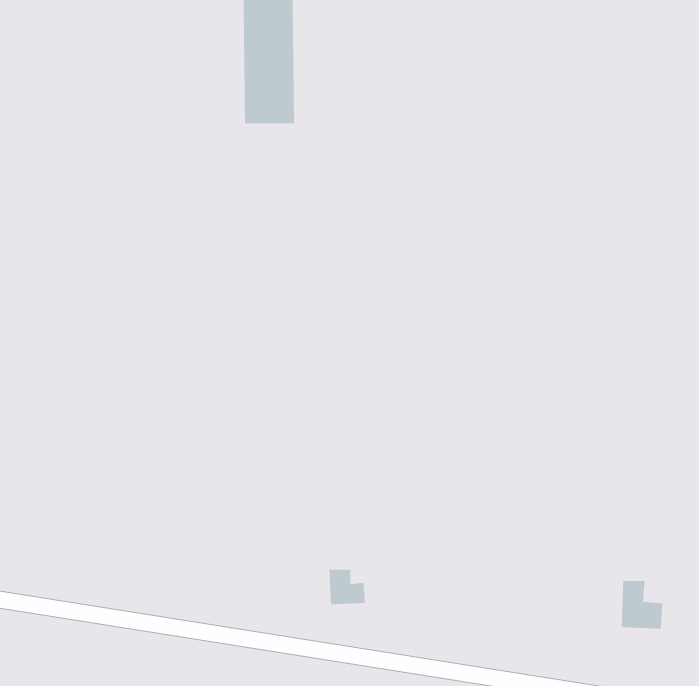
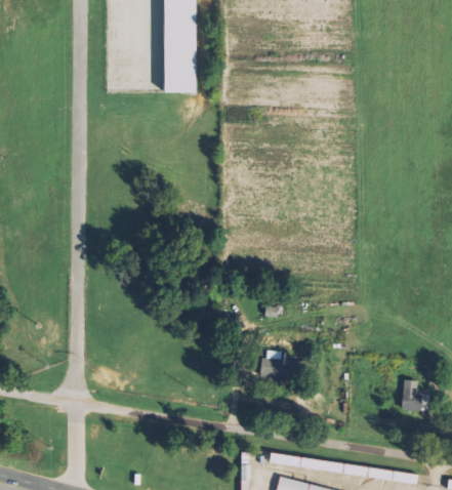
building: [328,569,366,605] -> [265,352,289,374]

